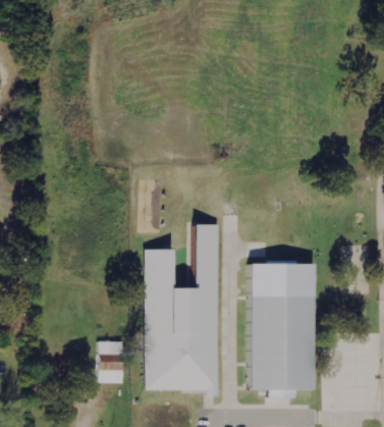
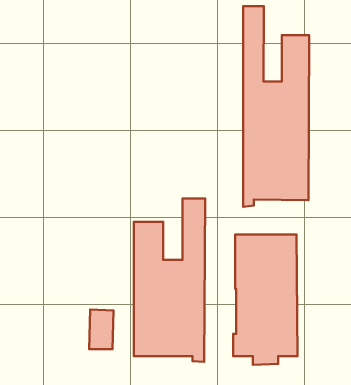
building: none -> [243,6,309,207]

